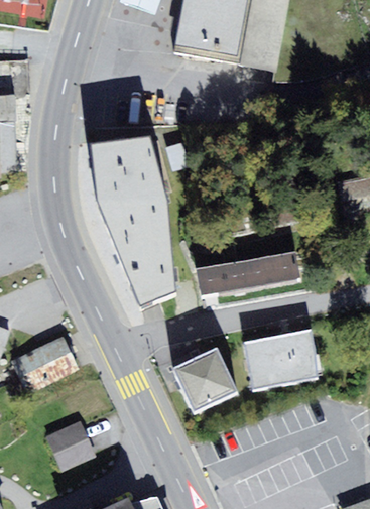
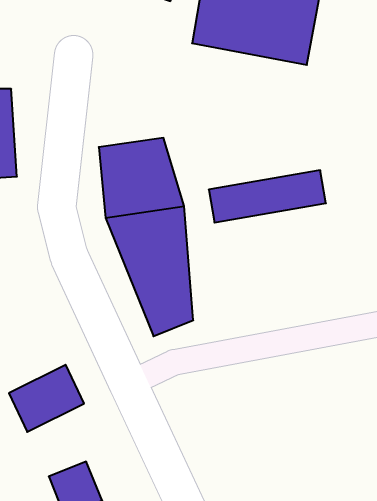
building: [196,250,299,296] -> [209,170,326,223]
building: [243,328,320,391] -> none
building: [171,347,238,415] -> none

